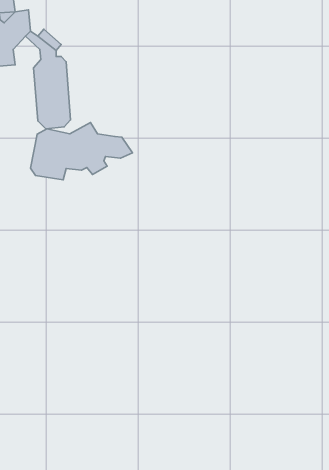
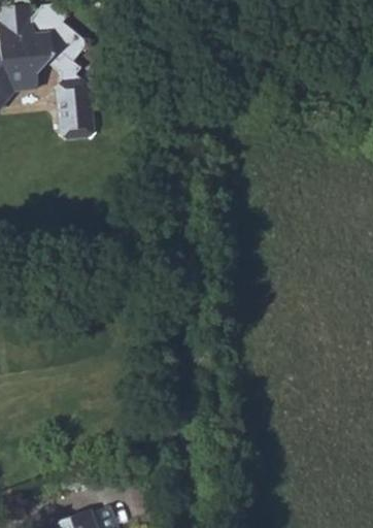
building: [31,123,132,180] -> none

